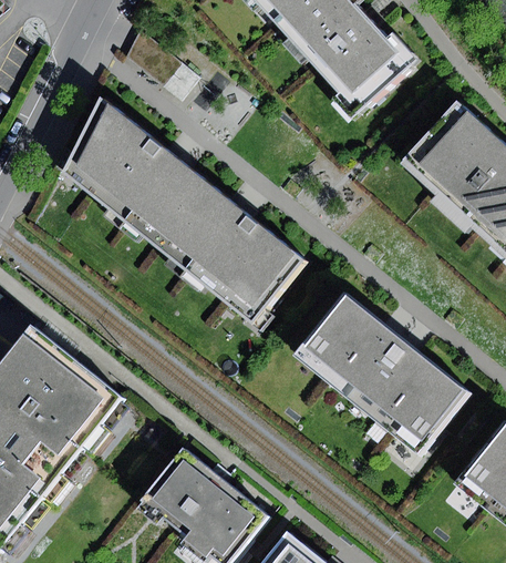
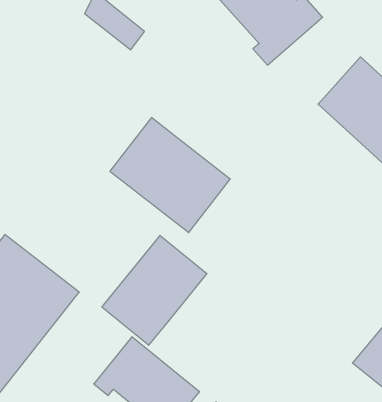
building: [62,95,208,247] -> none
building: [295,291,469,453] -> none
building: none -> [102,235,207,345]

